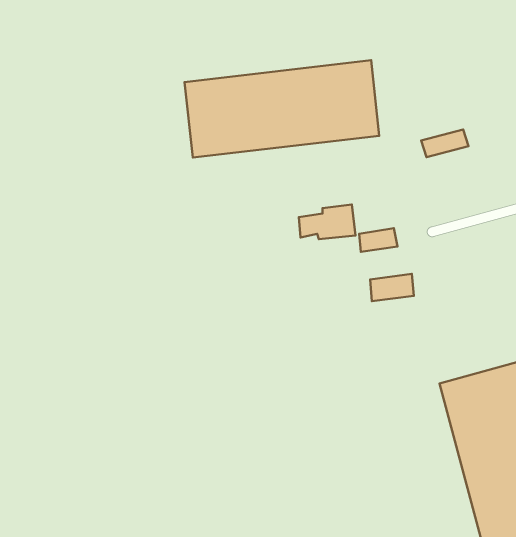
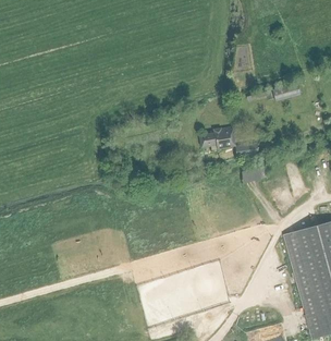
building: [185,60,379,158] -> none

